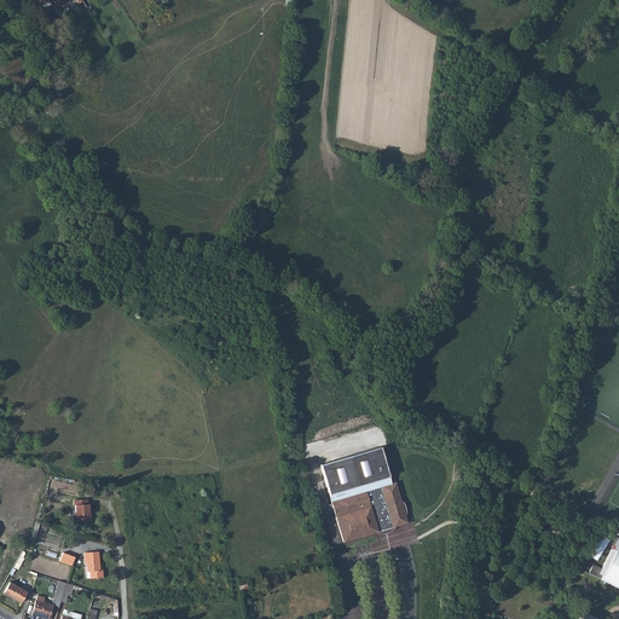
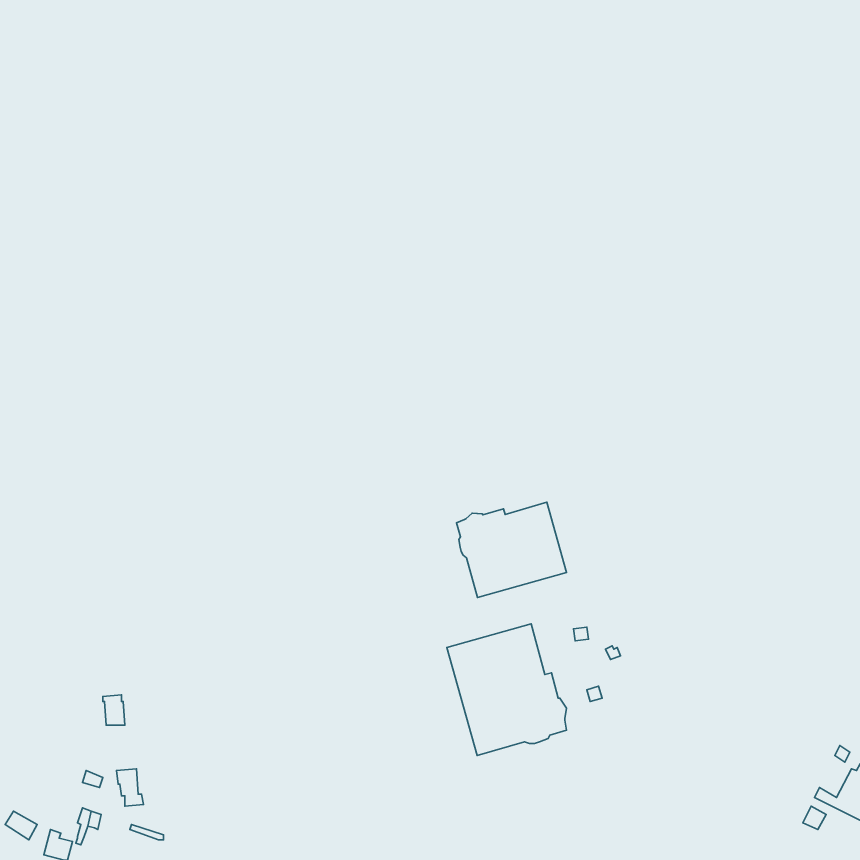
building: none -> [457,502,567,597]

